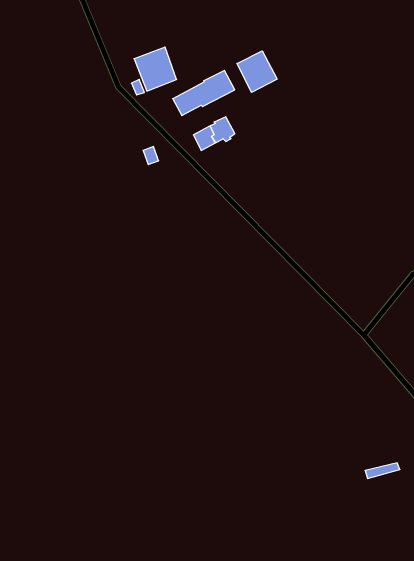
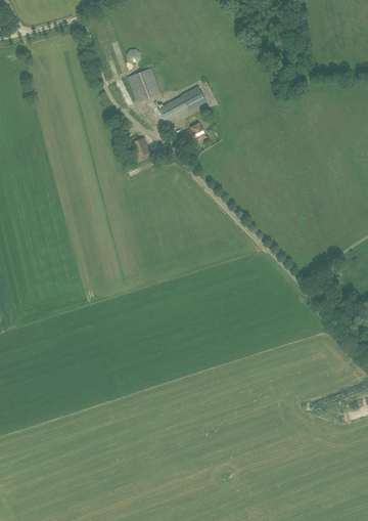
building: [237,51,277,92] -> none

